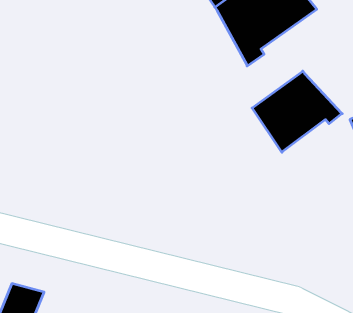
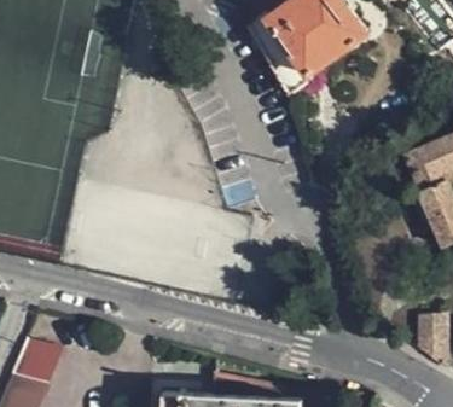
building: [252,71,342,152] -> none

